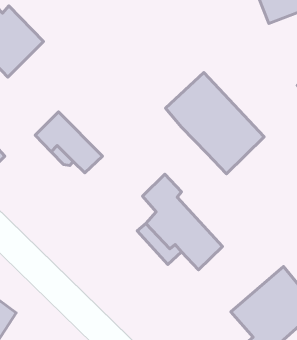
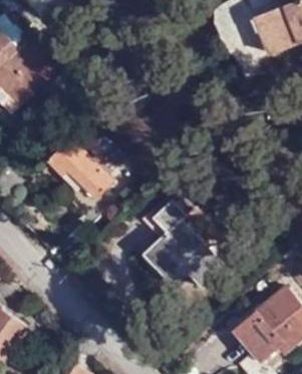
building: [165,73,264,174] -> none

